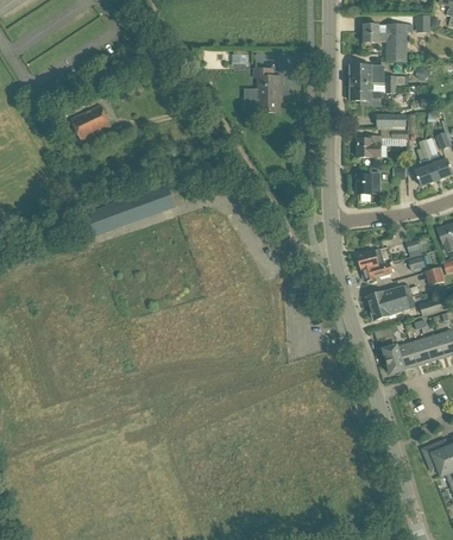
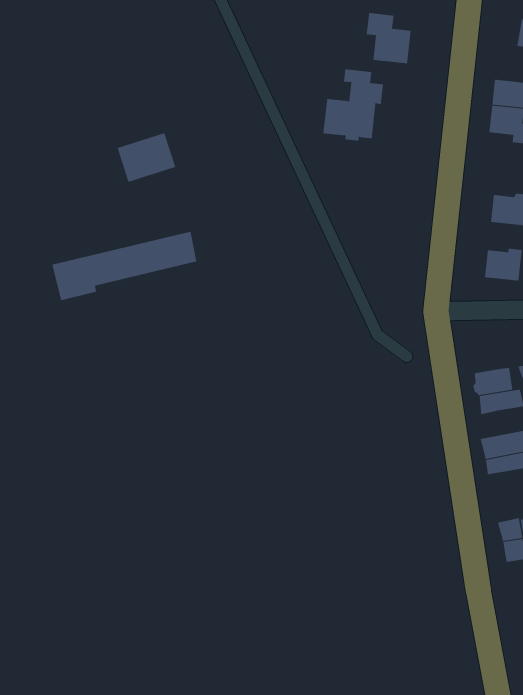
building: none -> [366,12,411,64]
building: [73,103,112,138] -> [117,133,176,183]

